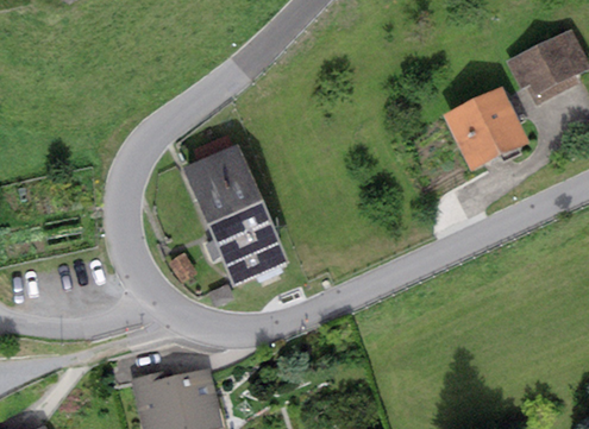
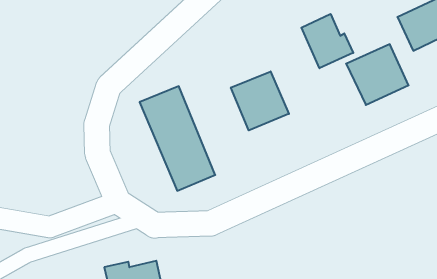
building: none -> [301,14,353,68]
building: none -> [231,71,289,130]

